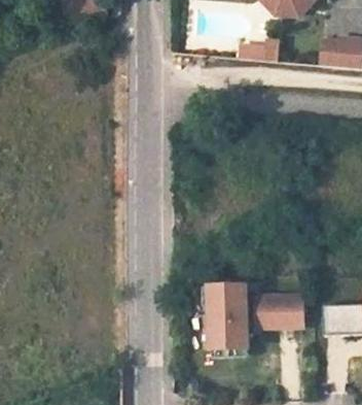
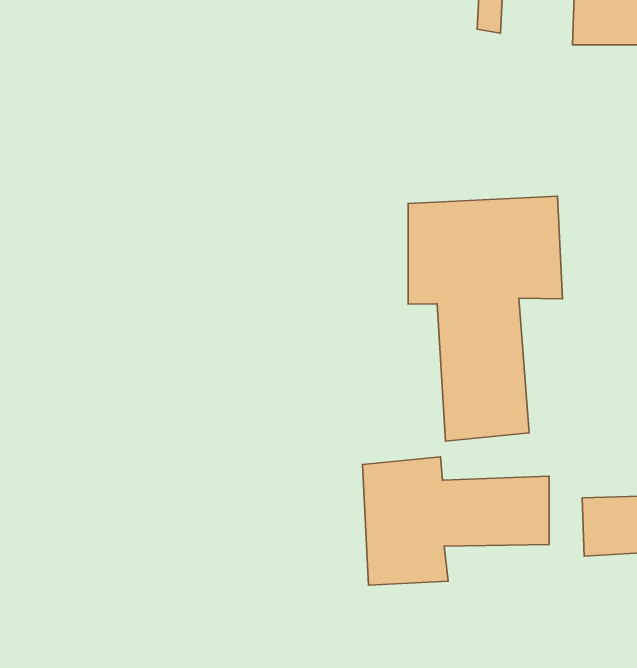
building: none -> [408,196,562,441]

